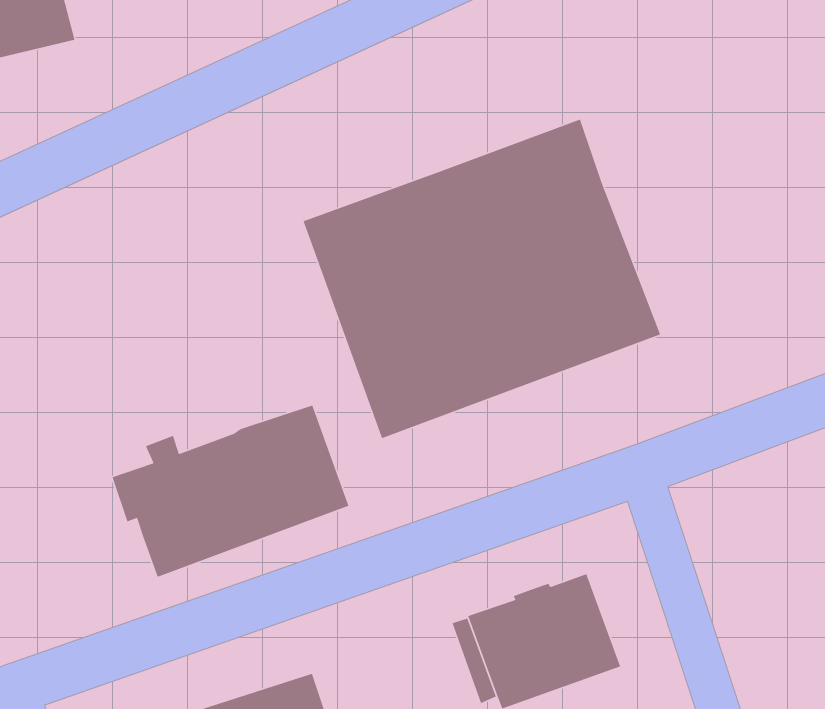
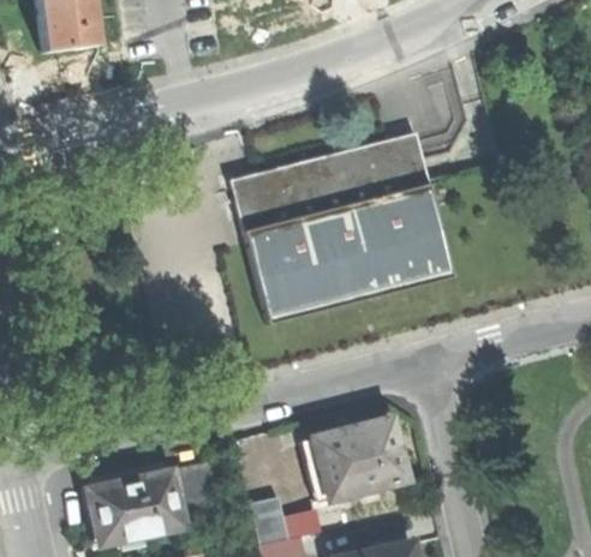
building: [112,405,349,578] -> none

